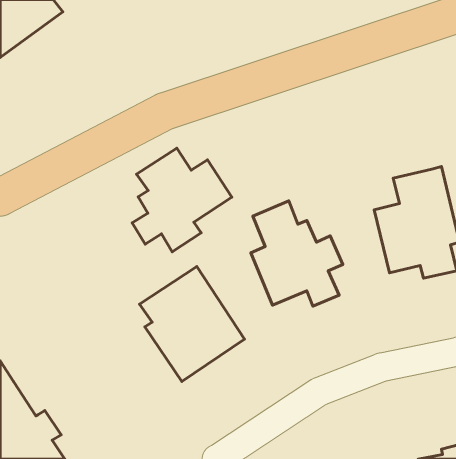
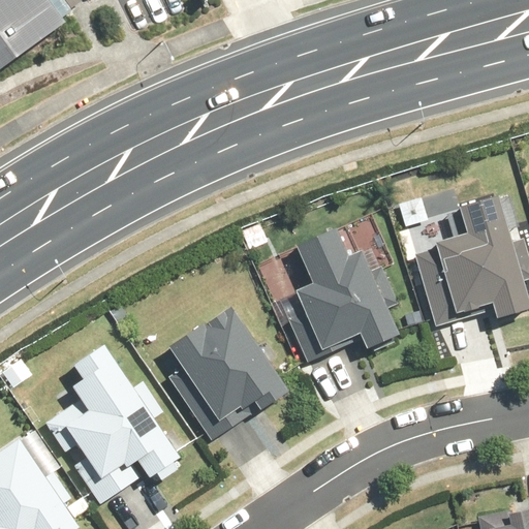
building: [132,148,232,252] -> none
building: none -> [49,343,181,504]

